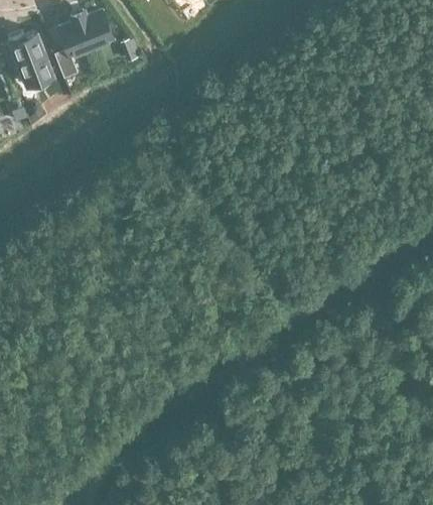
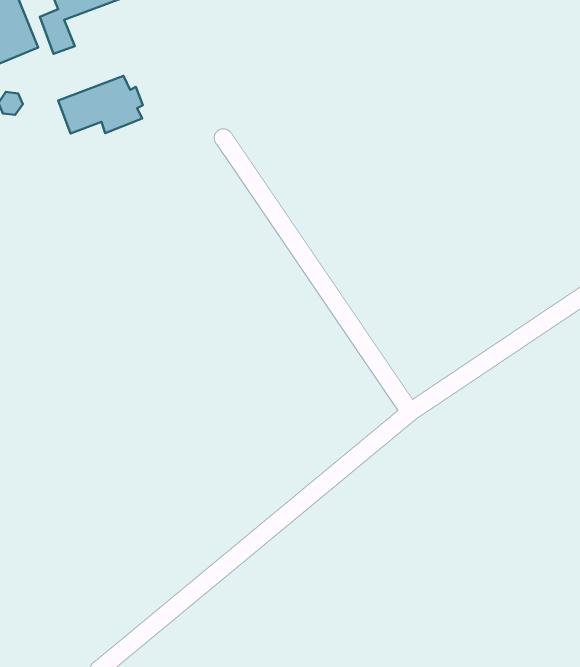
building: none -> [58,76,143,134]

